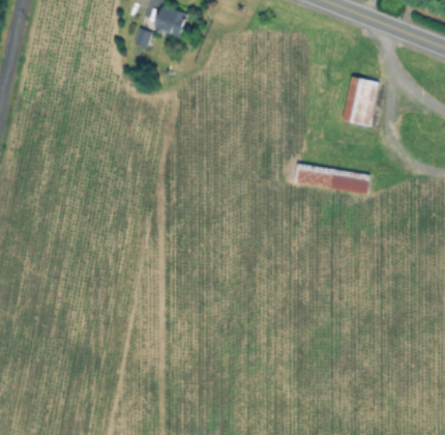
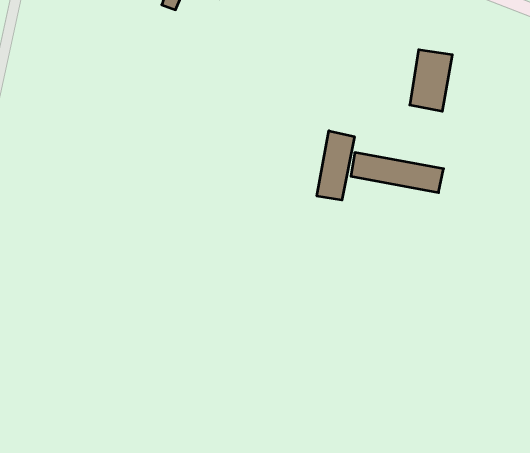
building: none -> [317,131,354,200]

